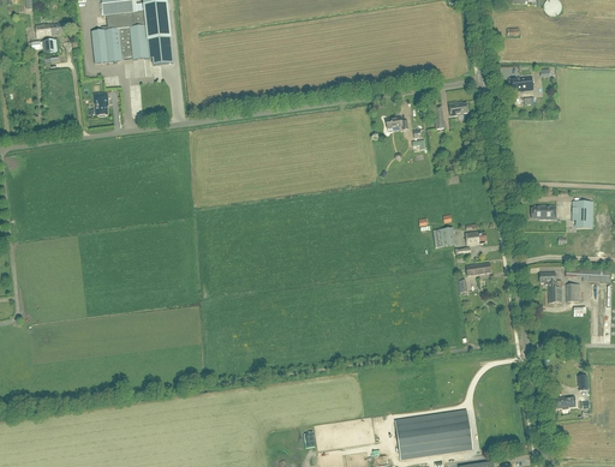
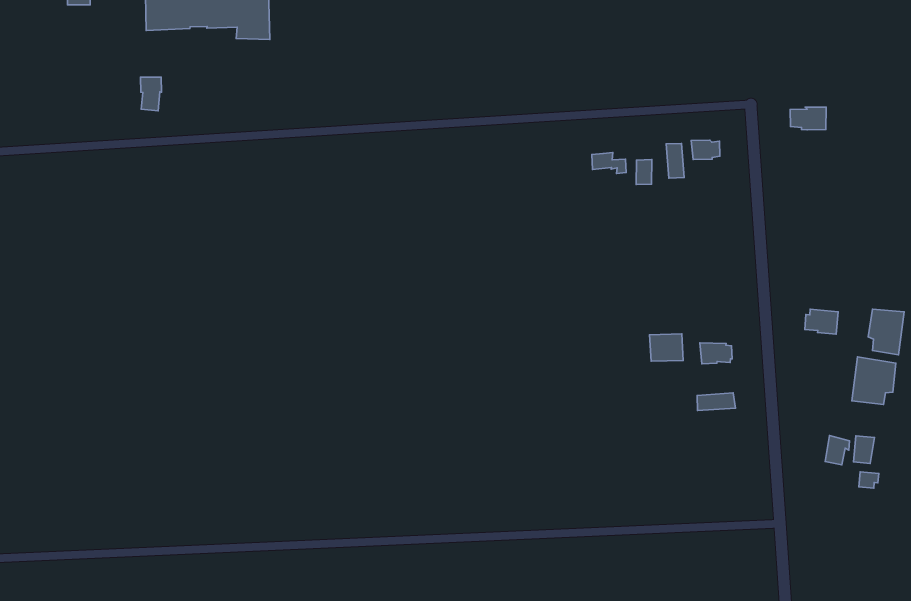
building: none -> [852,357,896,404]

